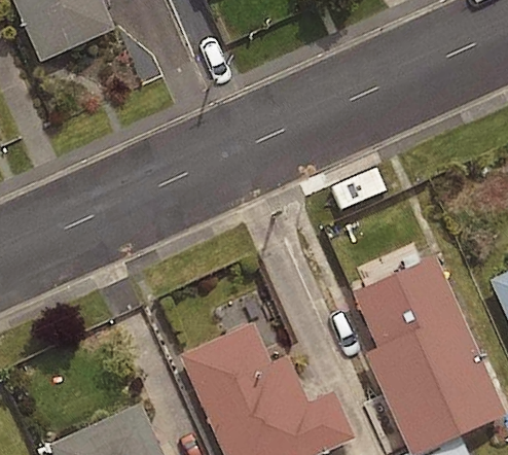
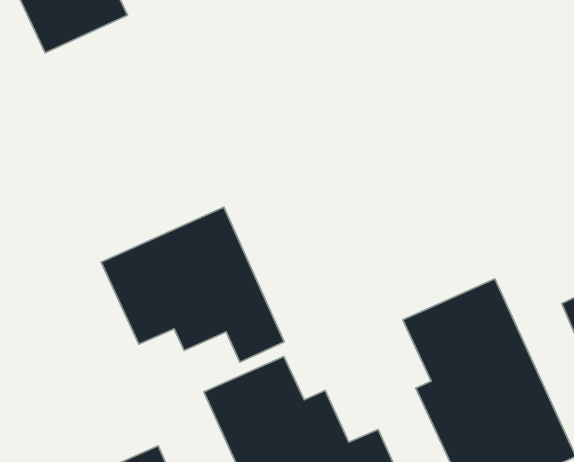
building: none -> [101,207,284,362]

